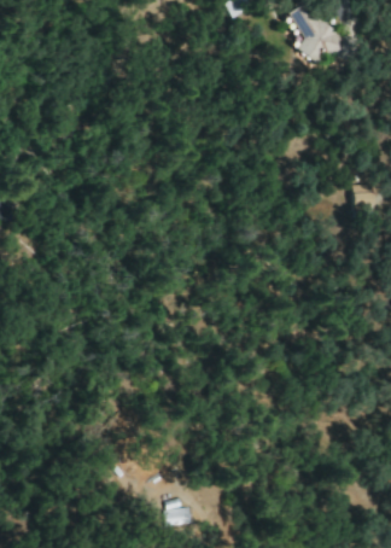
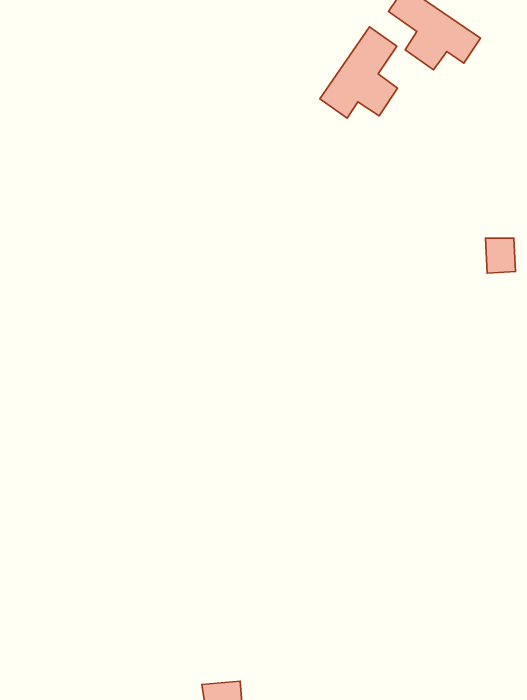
building: none -> [320,27,398,118]

